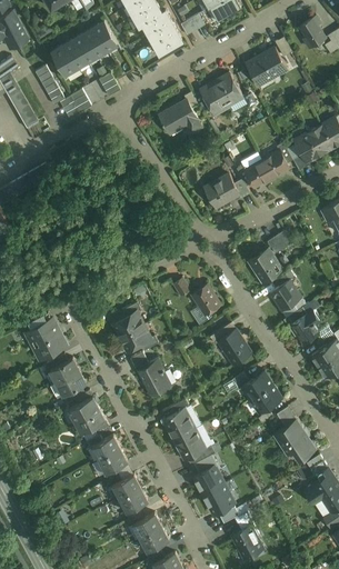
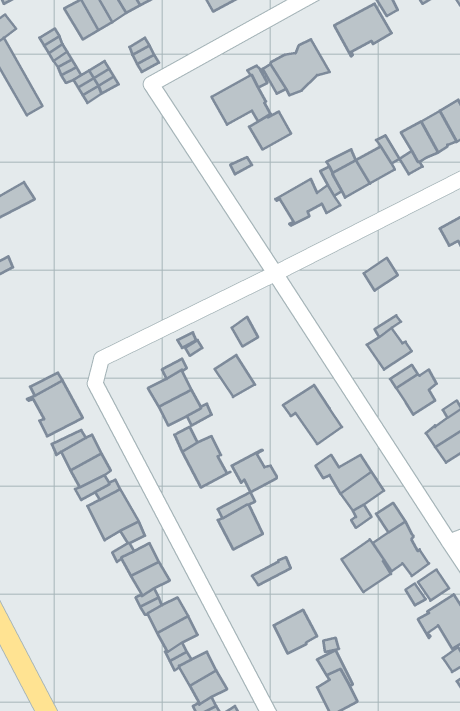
building: none -> [249,112,291,149]
building: [248,249,281,282] -> none
building: [191,284,220,315] -> [215,355,255,397]
building: [173,429,206,459] -> [232,450,277,492]
building: none -> [342,539,391,592]
building: [193,466,223,495] -> none

